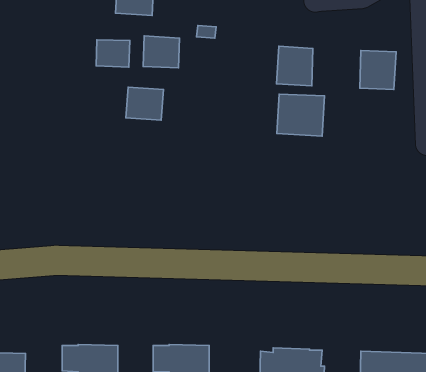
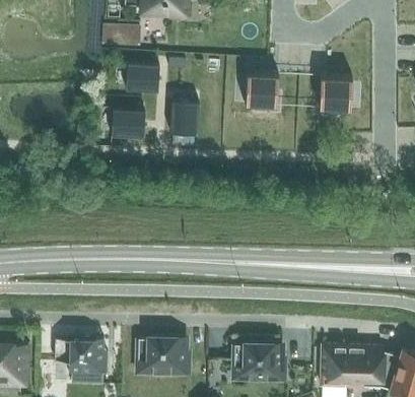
building: [96,40,130,67] -> none
building: none -> [171,102,200,134]
building: [277,94,325,136] -> none

